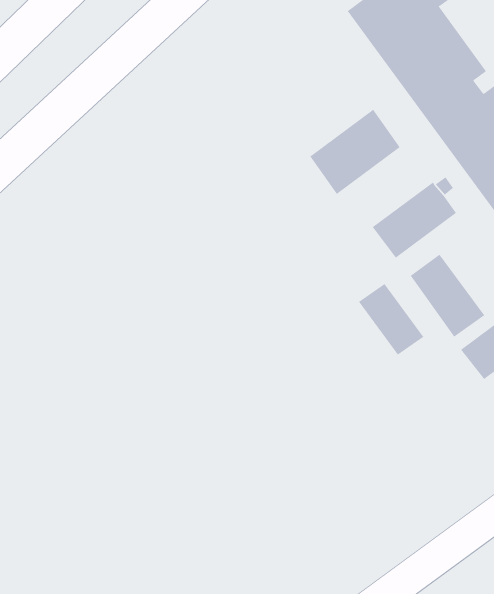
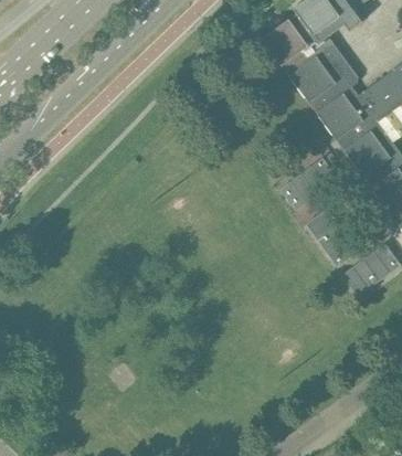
building: [309,109,400,195] -> none
building: [358,283,424,355] -> none

